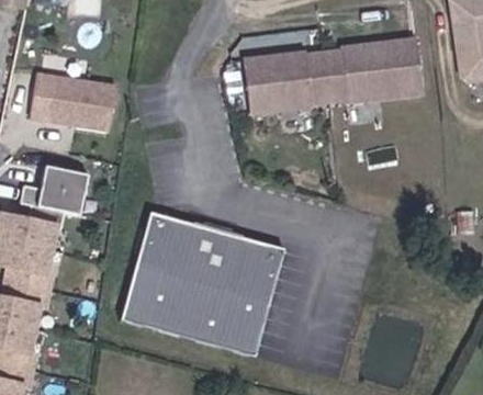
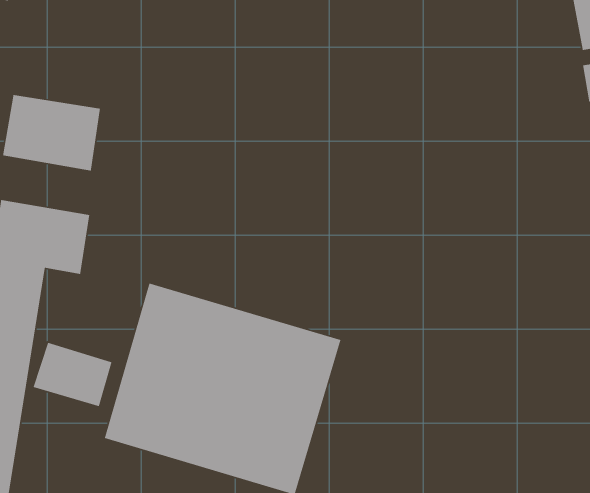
building: [234,44,411,108] -> none
building: none -> [33,342,113,407]

